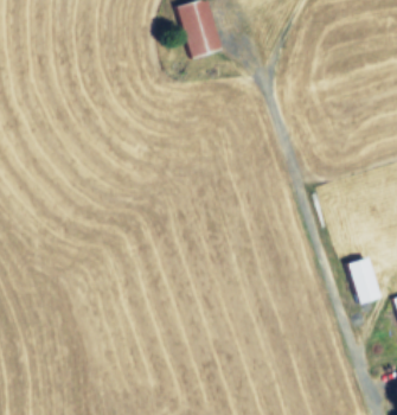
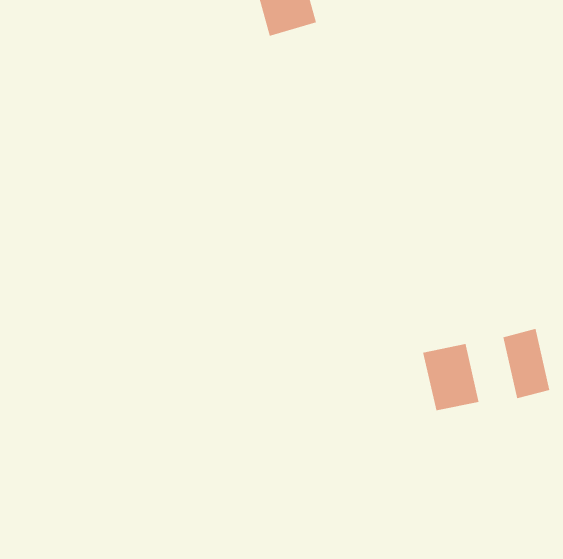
building: none -> [423,343,479,411]

